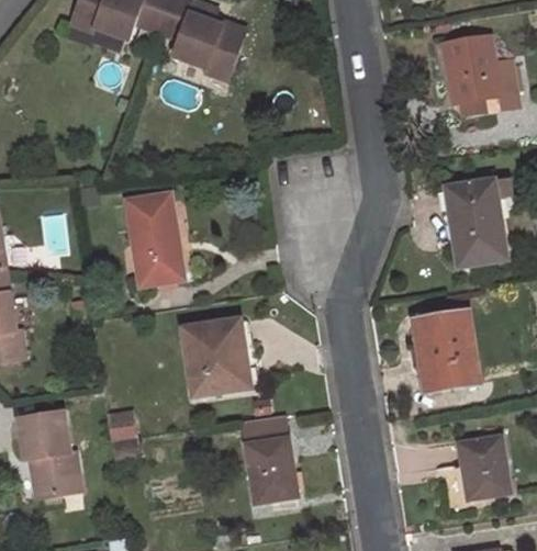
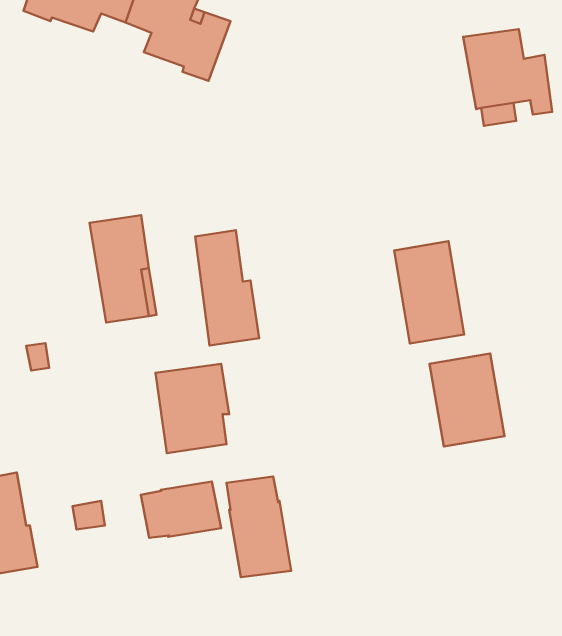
building: [447,179,506,266] -> [394,241,464,343]
building: none -> [195,230,259,346]
building: none -> [141,482,221,538]
building: [460,435,511,497] -> none

